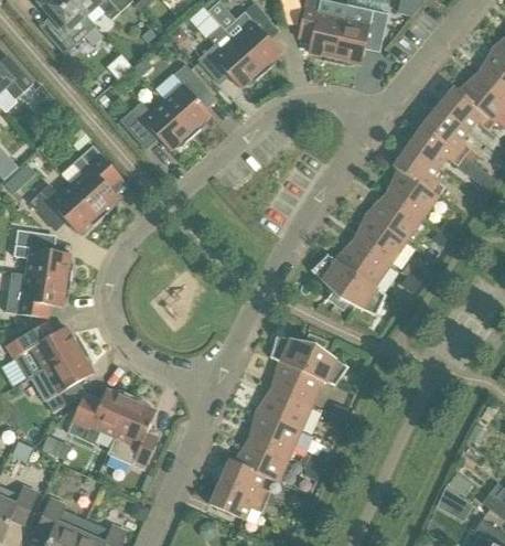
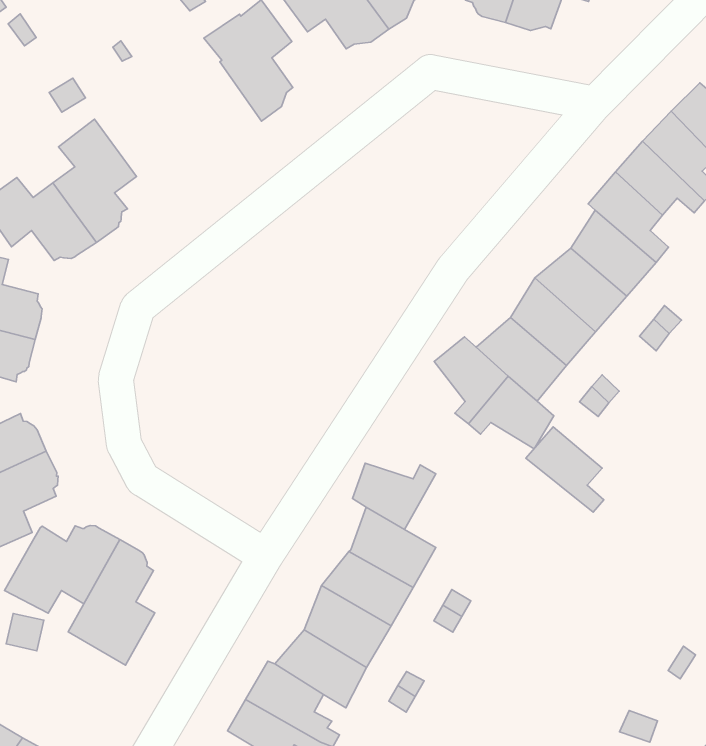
building: [120,101,193,150] -> none
building: none -> [526,427,604,512]
building: [303,336,348,386] -> none

